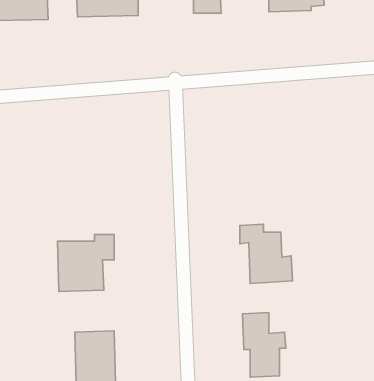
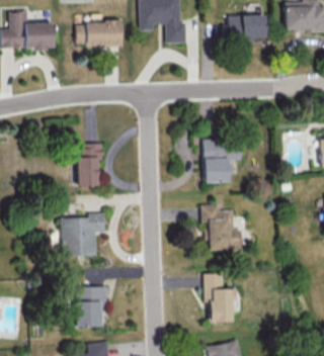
building: none -> [204,140,243,183]
building: none -> [78,143,104,187]

